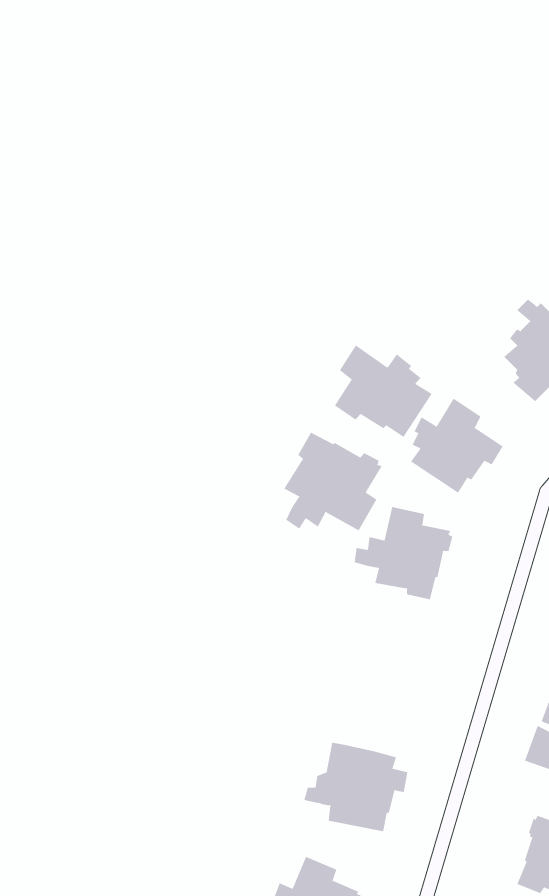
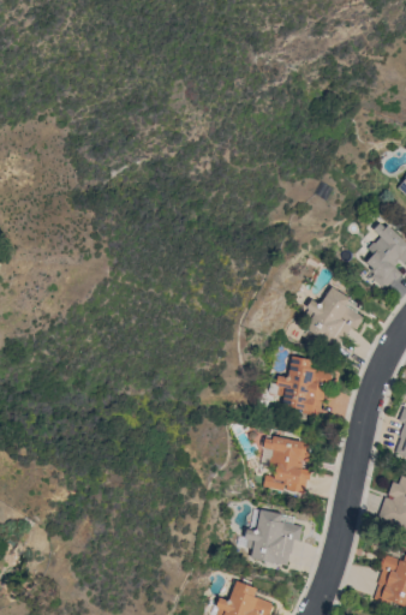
building: [334,345,433,438] -> none
building: [284,432,382,531] -> none
building: none -> [259,435,311,494]

